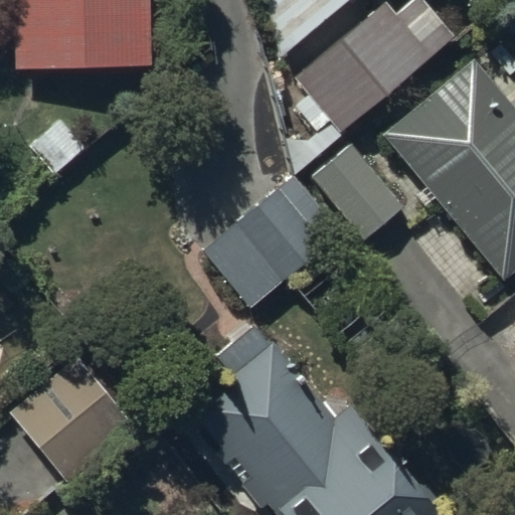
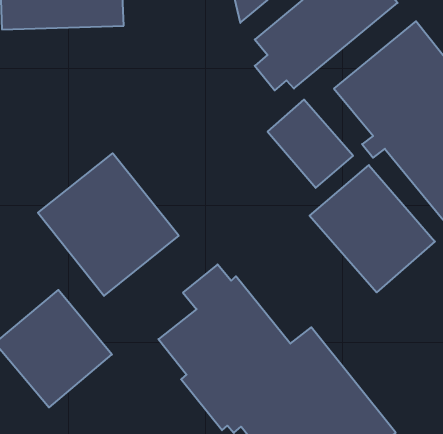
building: [202,175,343,311] -> none
building: none -> [38,153,179,296]
building: none -> [310,165,435,292]

